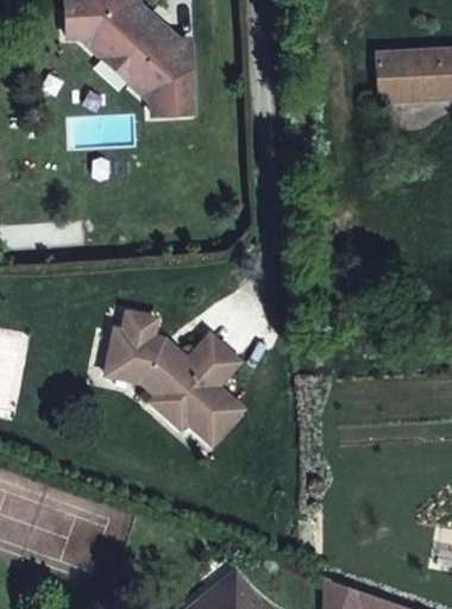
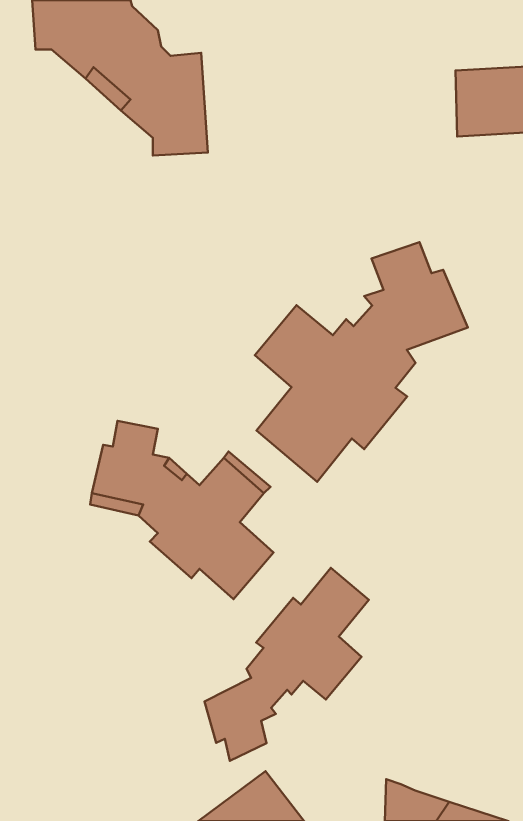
building: none -> [255,242,468,482]
building: none -> [205,568,369,761]

